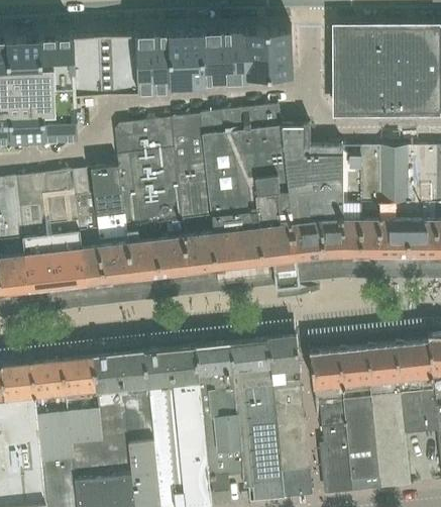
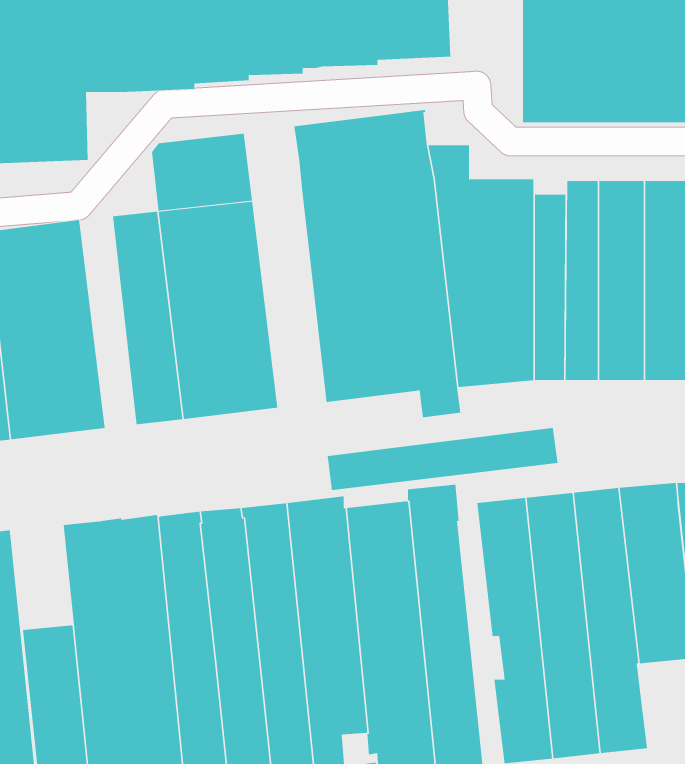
building: [170,116,218,284] -> none
building: [72,170,105,296] -> none
building: none -> [327,427,558,491]
building: [30,353,68,416] -> none

